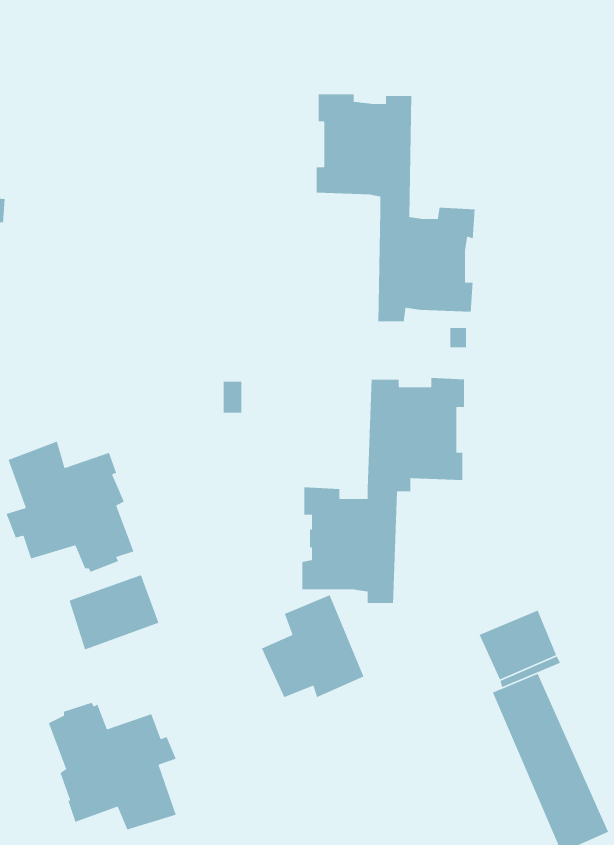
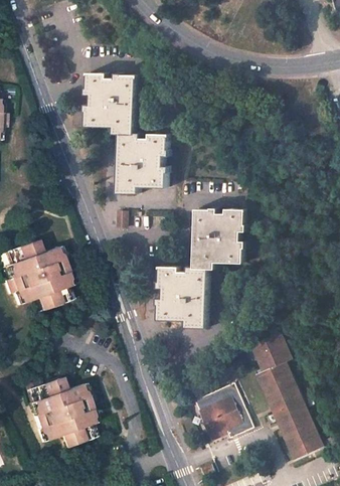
building: [316,93,475,322] -> [86,73,169,193]
building: [68,574,160,650] -> none
building: [261,594,365,698] -> [199,385,253,440]

